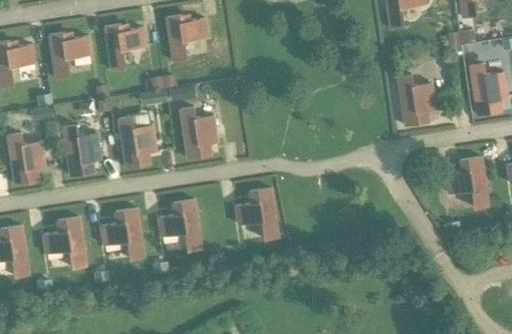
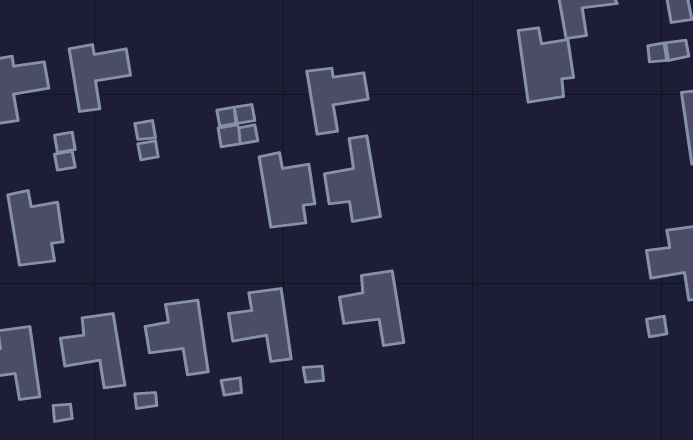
building: [165,16,207,61] -> [307,68,368,134]
building: [103,25,146,71] -> none
building: [397,75,435,126] -> [518,28,574,102]
building: none -> [325,136,380,221]
building: [118,117,156,168] -> none
building: [62,125,100,177] -> none

